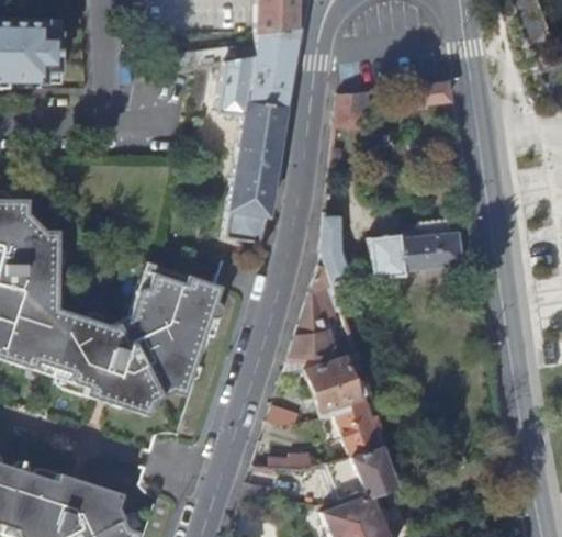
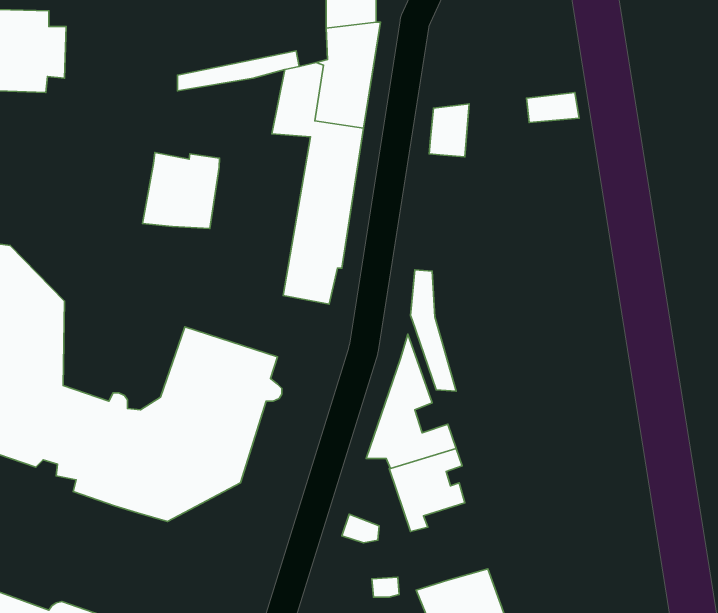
building: none -> [143,153,220,228]
building: [370,220,461,280] -> none
building: [333,396,382,456] -> none

